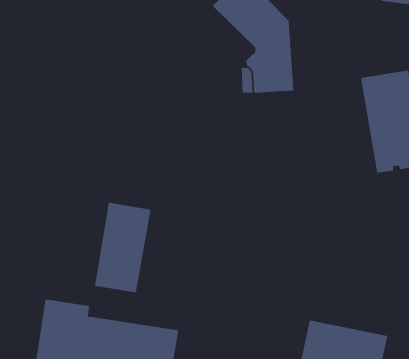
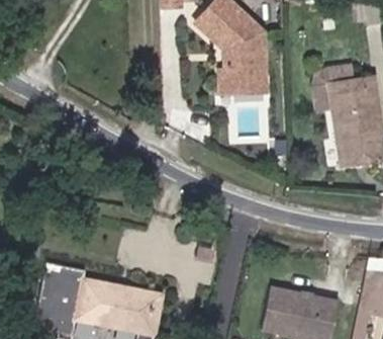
building: [94,202,151,293] -> none

